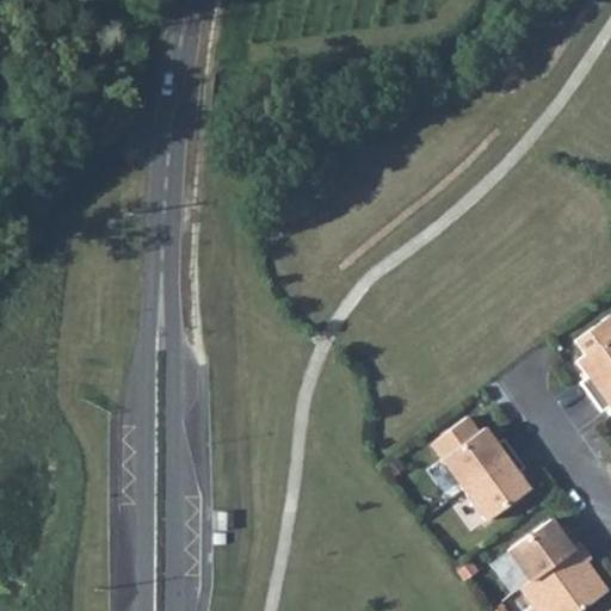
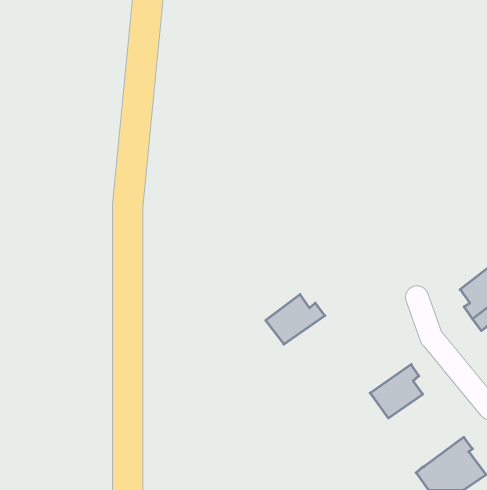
building: [442,427,516,489] -> [266,294,325,344]
building: [508,519,581,581] -> none

